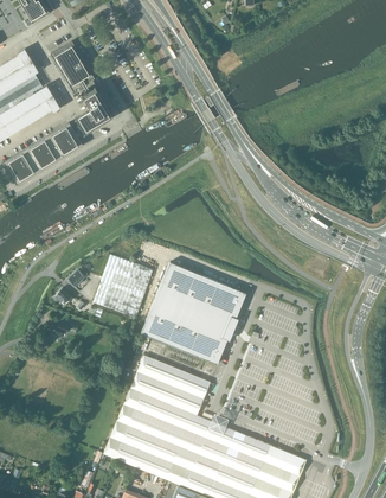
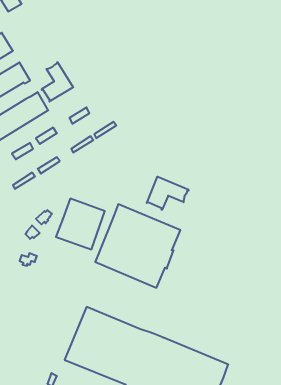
building: [50,40,94,91] -> none
building: none -> [147,177,189,210]
building: [129,353,211,414] -> none

